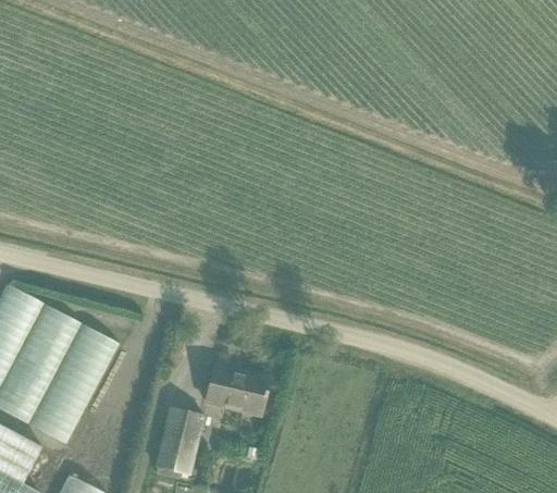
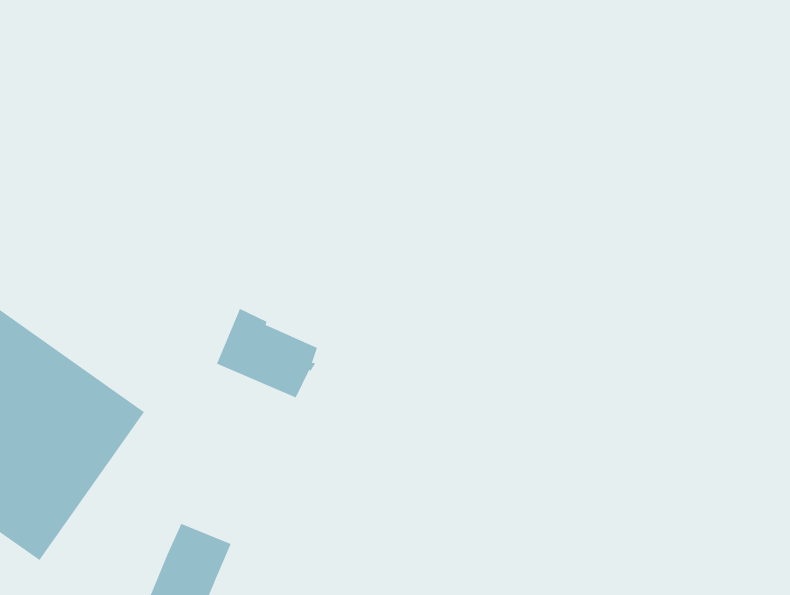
building: [202,367,264,417] -> [216,308,320,398]

